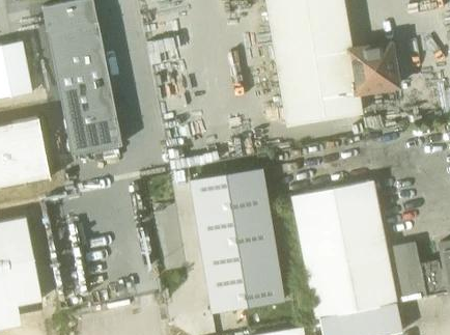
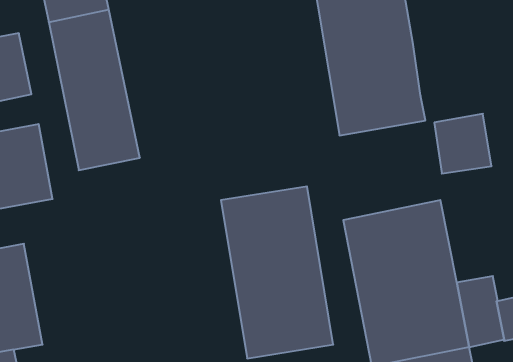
building: [349,44,397,93] -> [434,114,492,174]

